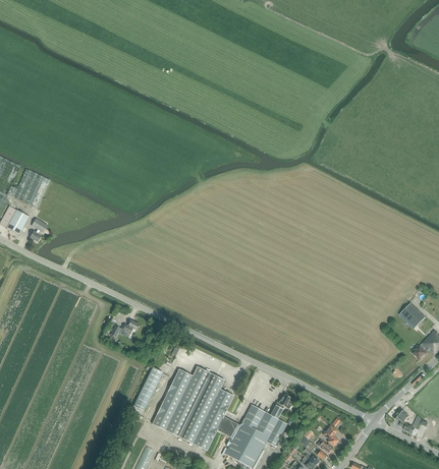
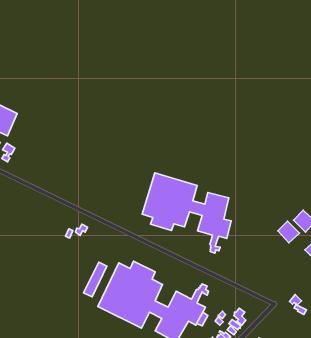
building: none -> [142,173,231,253]
building: none -> [278,221,299,243]

